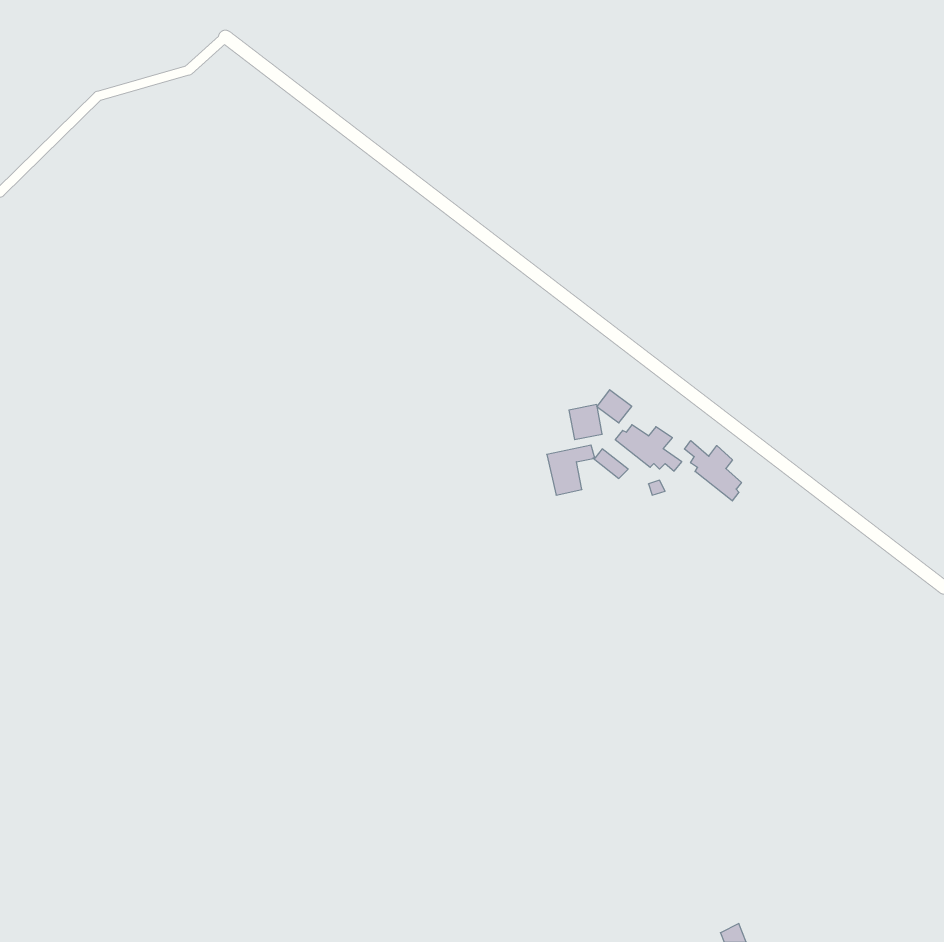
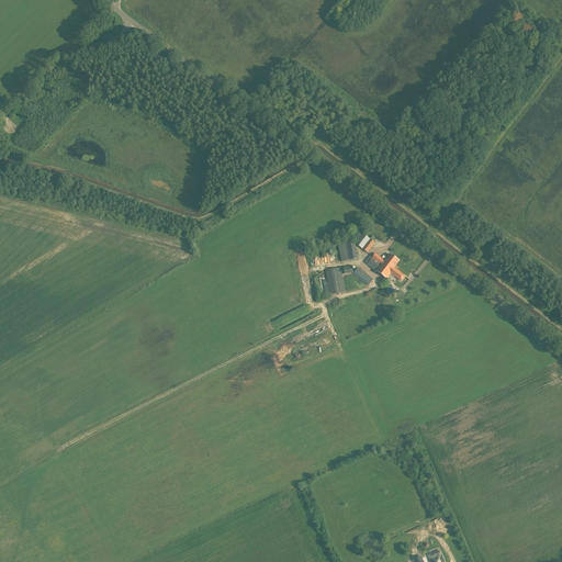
building: [684,441,741,501] -> none

